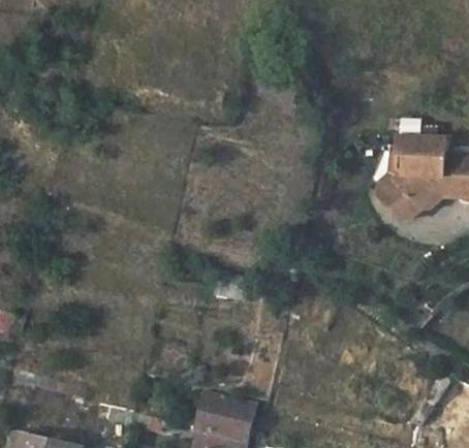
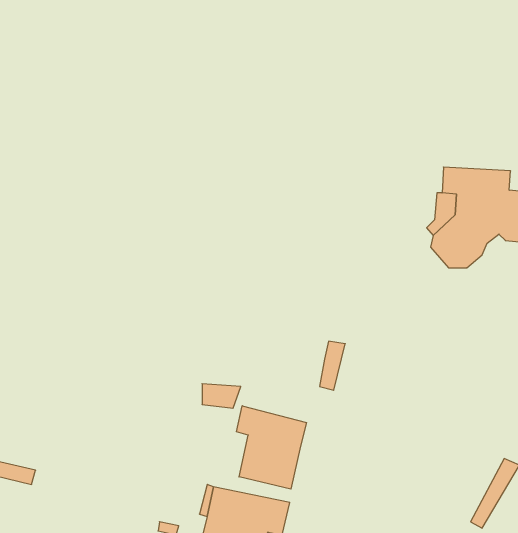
building: none -> [236,406,306,489]

